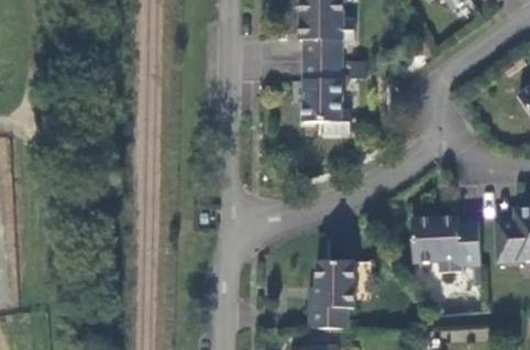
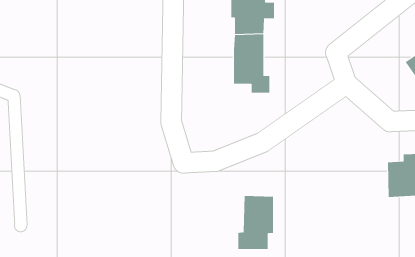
building: [409,215,479,271] -> none

